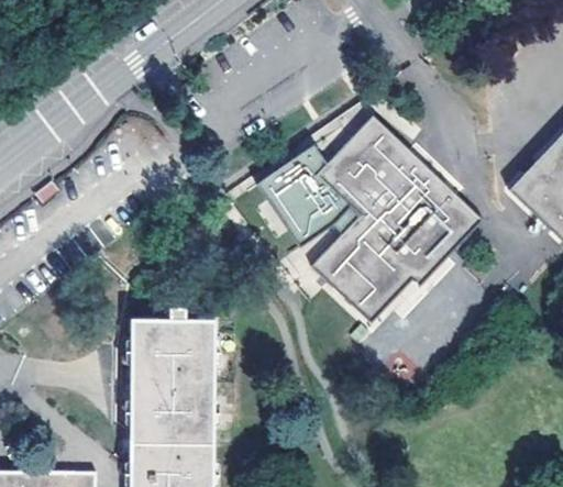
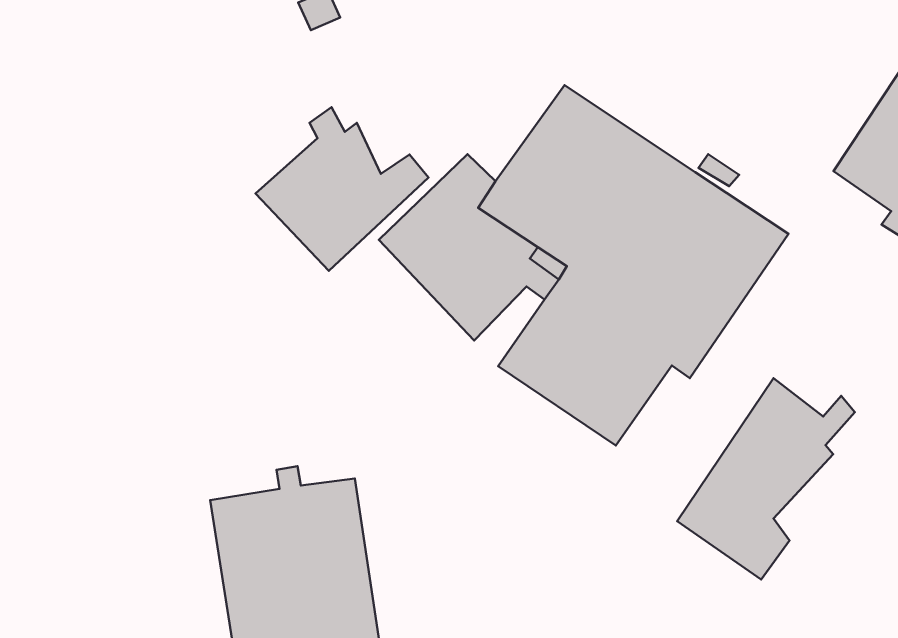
building: none -> [256,107,428,271]
building: none -> [677,378,855,580]

